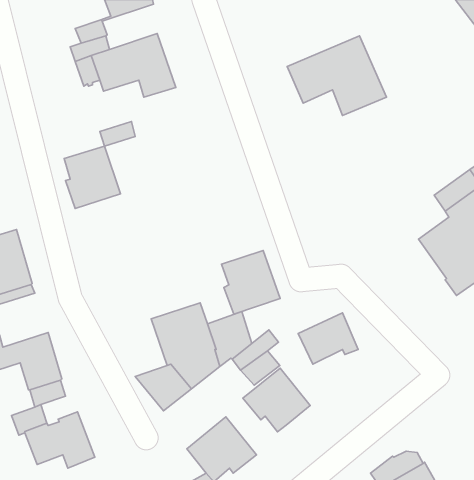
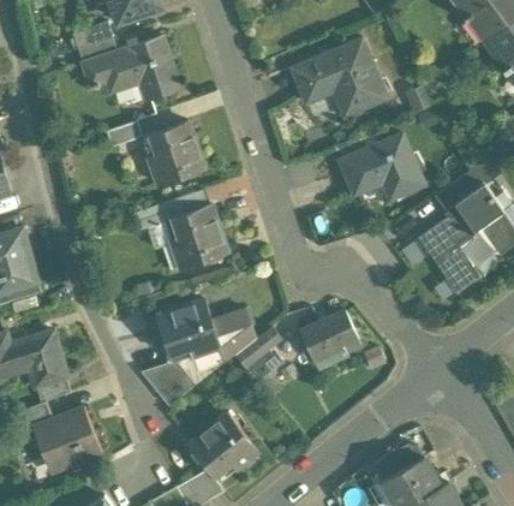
building: none -> [342,133,426,197]
building: [64,146,121,209] -> [150,120,205,181]
building: [221,251,280,314] -> [172,202,229,264]
building: [243,368,310,432] -> none

